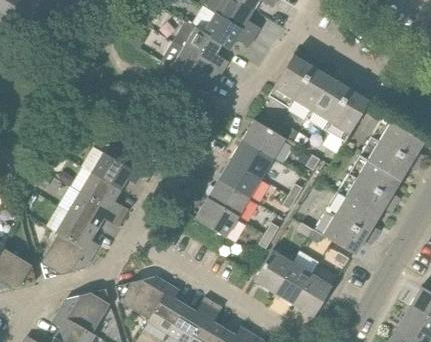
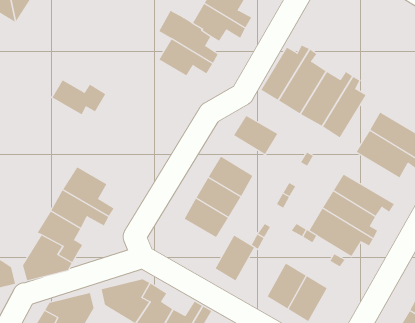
building: [230,139,273,178] -> none
building: [93,152,145,186] -> [52,80,106,115]
building: [347,155,401,205] -> none
building: [254,249,292,293] -> [215,235,255,281]

